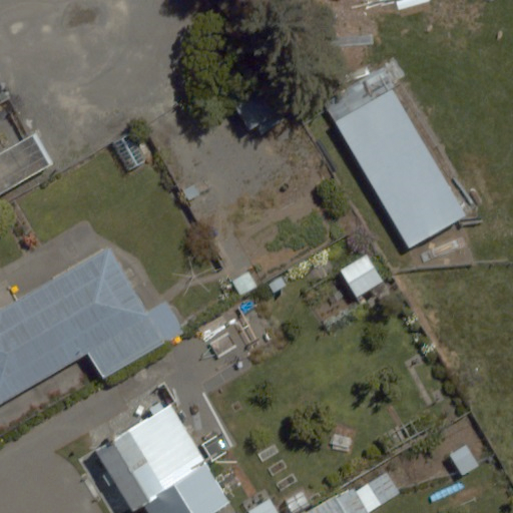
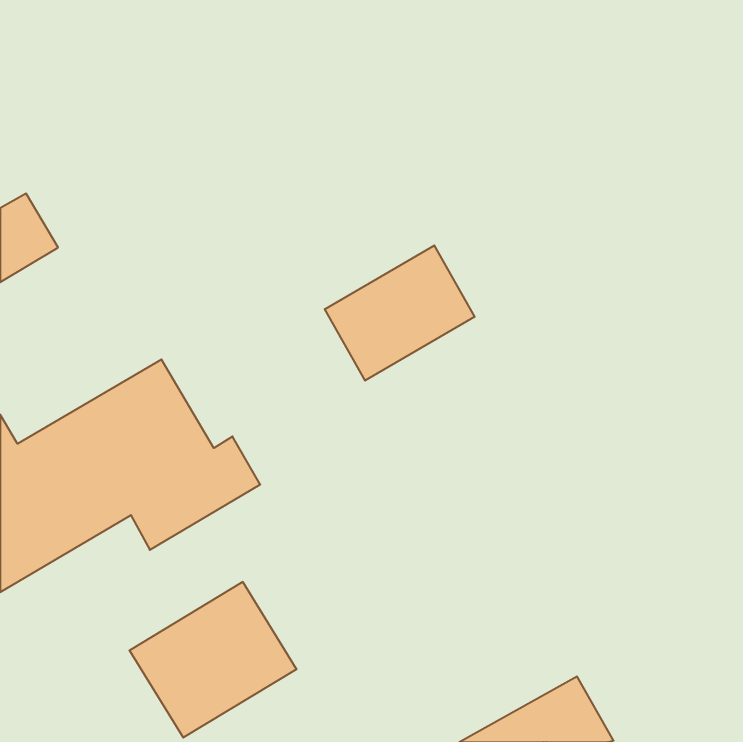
building: [313,62,462,246] -> none
building: none -> [325,245,475,381]

